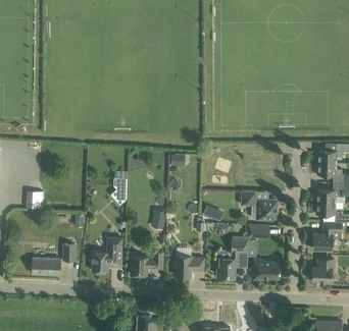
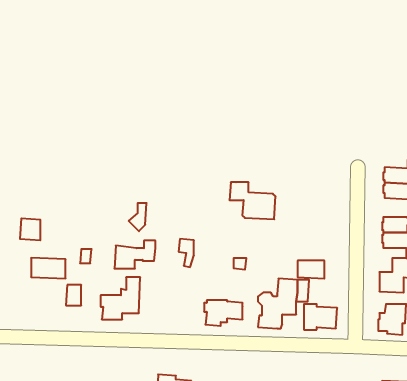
building: [241,190,278,220] -> [229,182,276,219]
building: [131,252,163,274] -> [114,241,155,269]
building: [33,258,60,274] -> [31,258,66,278]

